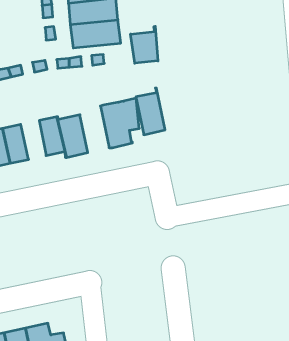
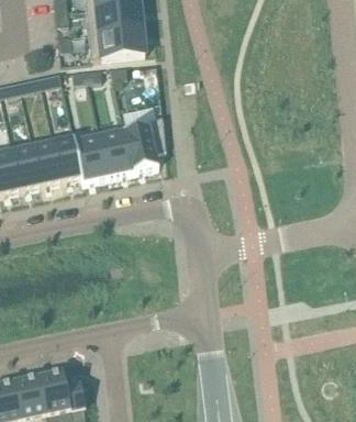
building: [131,26,158,63] -> none
building: [136,88,165,135] -> [99,122,132,175]
building: none -> [32,138,60,182]

